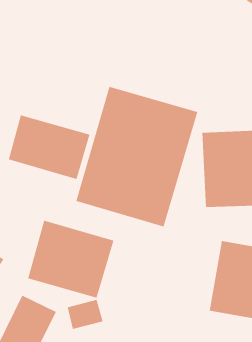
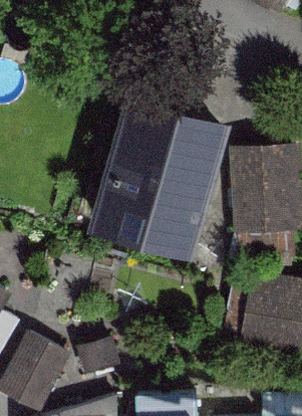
building: [8,114,90,180] -> none
building: [27,220,114,298] -> none

